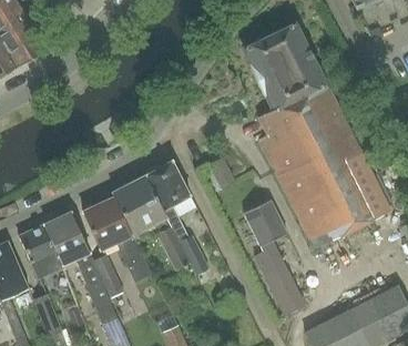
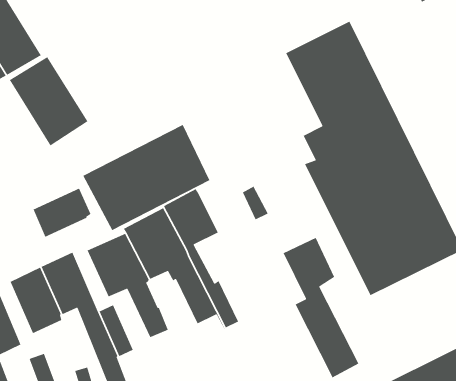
building: none -> [9,56,89,147]
building: none -> [82,124,210,231]
building: none -> [33,187,91,238]

